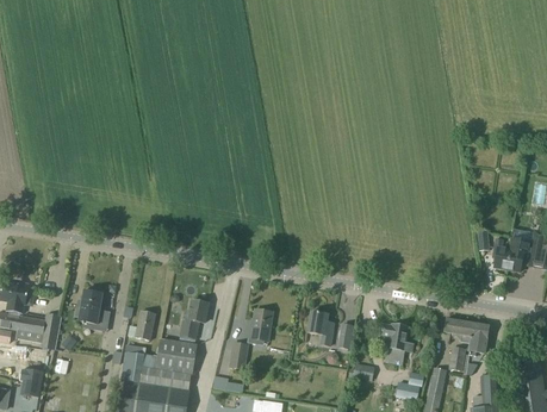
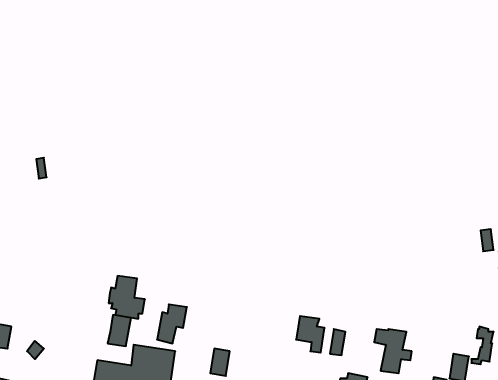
building: [76,291,110,330] -> [109,276,145,319]
building: [247,308,271,342] -> none
building: [446,319,479,350] -> none

